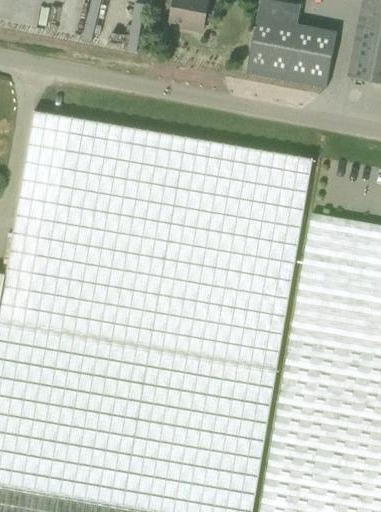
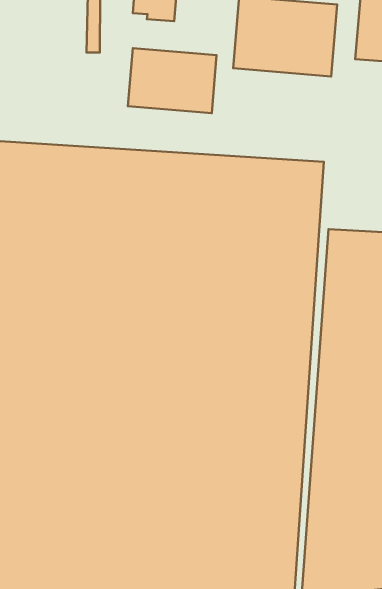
building: none -> [128,48,217,113]

